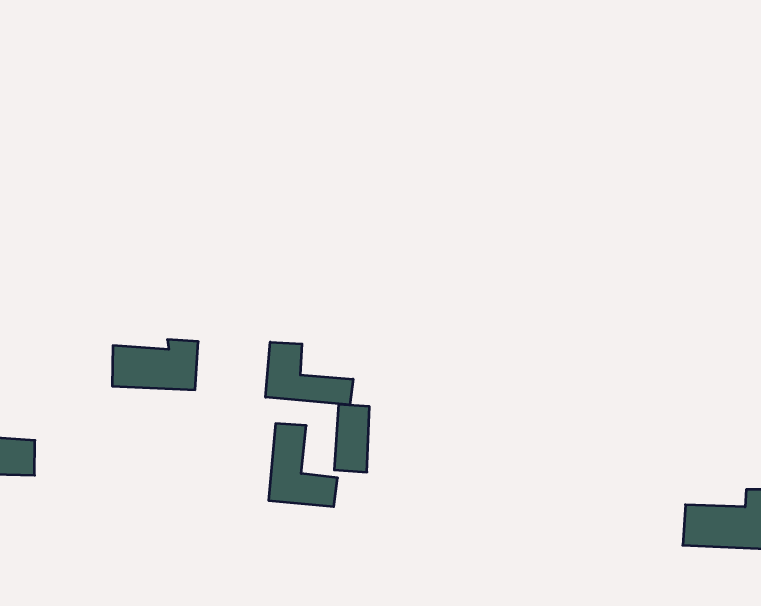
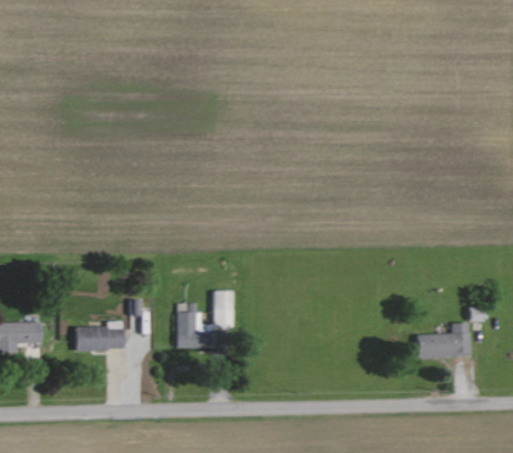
building: [112,340,198,390] -> [74,321,123,350]
building: [266,342,353,405] -> none

